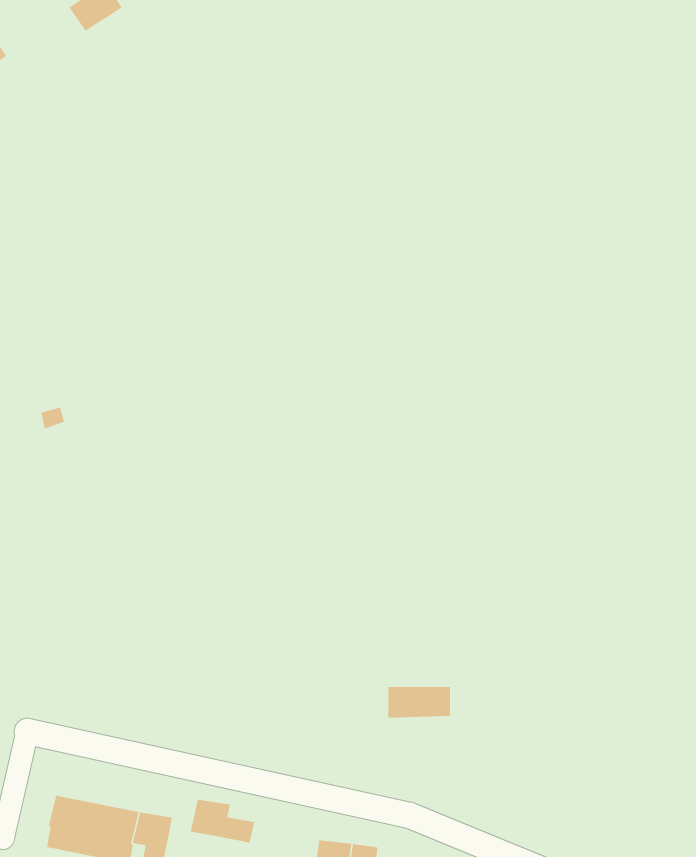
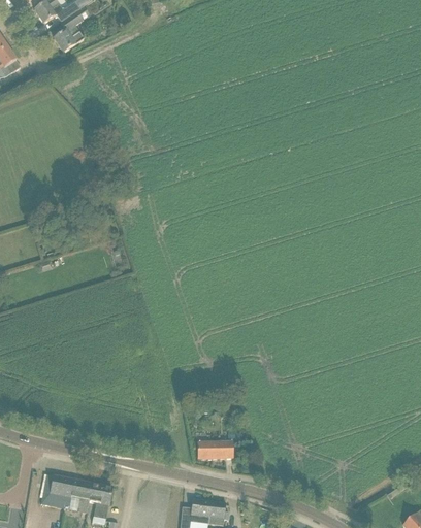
building: [387,686,451,718] -> [197,441,232,459]
building: [190,799,255,844] -> none

